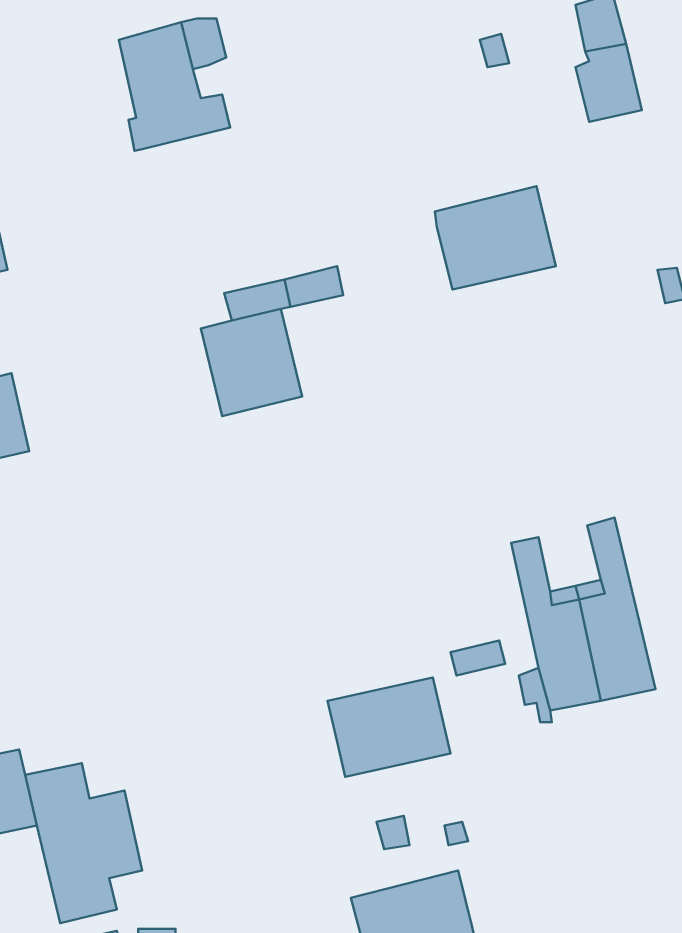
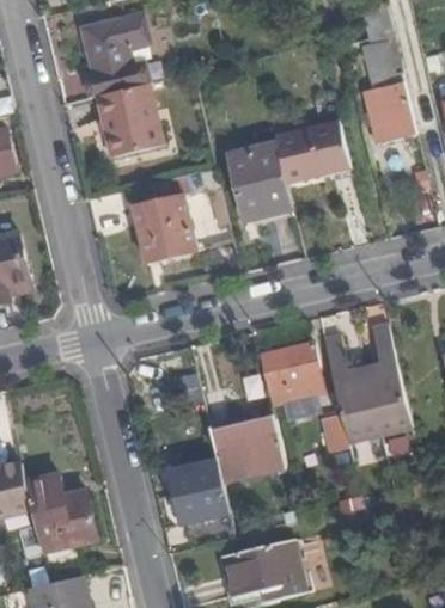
building: none -> [364,79,416,145]
building: none -> [96,84,164,156]
building: none -> [228,145,291,216]
building: none -> [264,342,316,379]
building: none -> [170,460,233,549]

